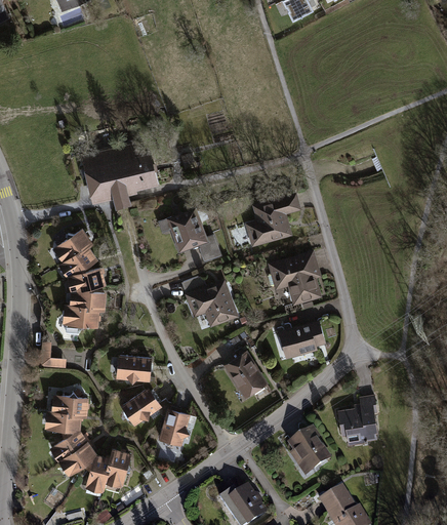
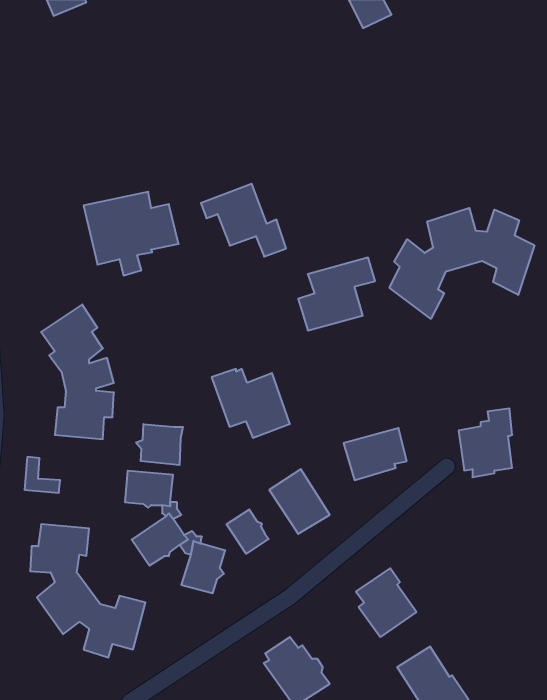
building: none -> [390,208,534,319]
building: [157,208,220,262] -> [201,184,286,257]
building: [267,250,322,307] -> none
building: none -> [136,424,183,465]
building: none -> [227,509,269,554]
building: [337,396,377,447] -> [459,409,512,477]

